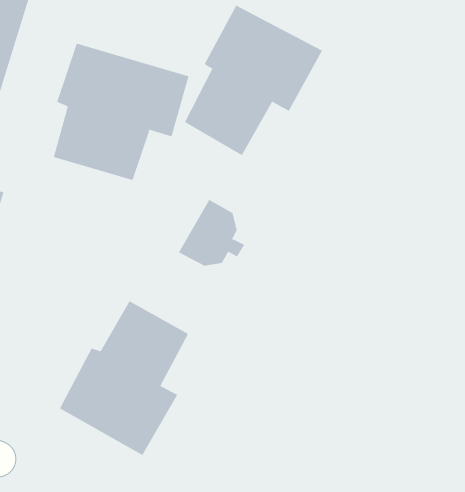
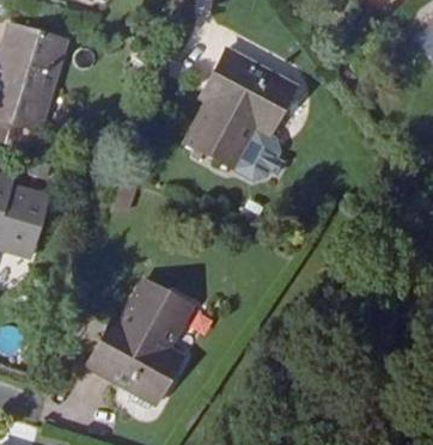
building: [53,43,189,181] -> none
building: [178,199,245,266] -> [233,126,286,178]

